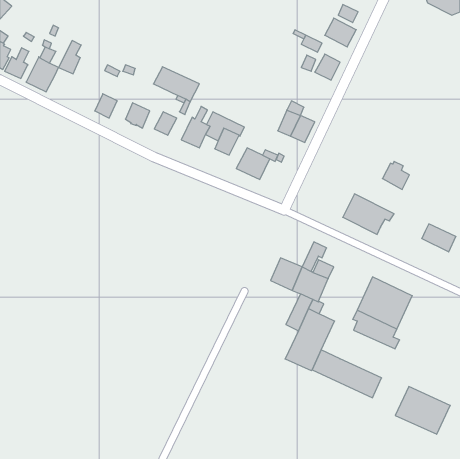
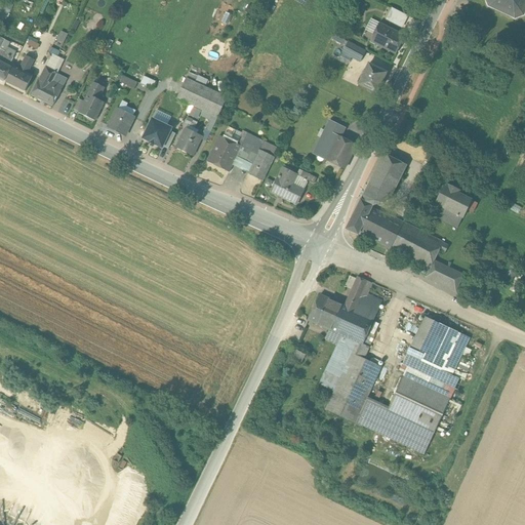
building: [59,41,81,74] -> [78,81,104,119]
building: none -> [346,152,406,247]
building: [422,224,456,252] -> [425,258,463,290]
building: [395,387,450,434] -> [387,375,449,430]

